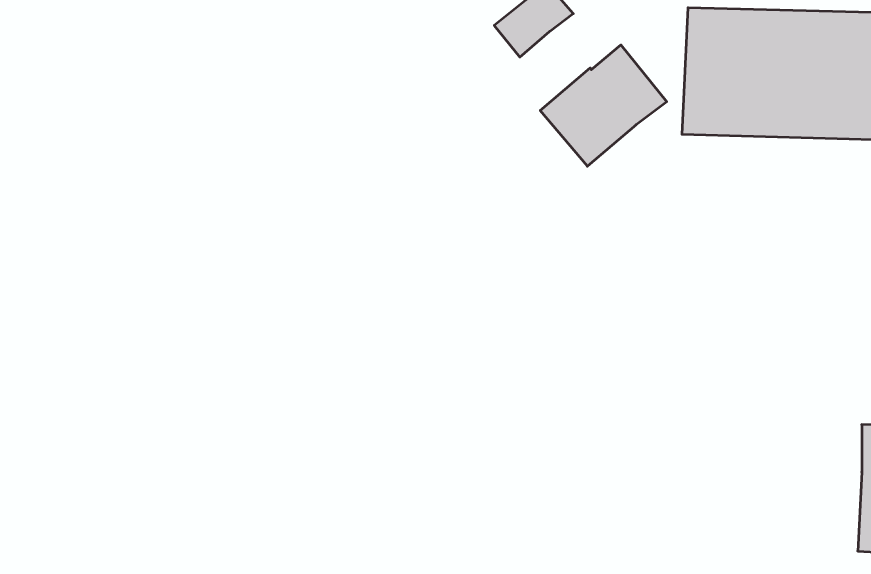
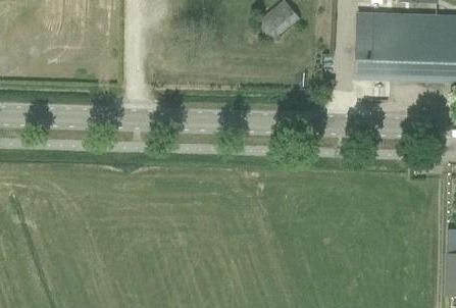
building: [540,45,667,166] -> none

